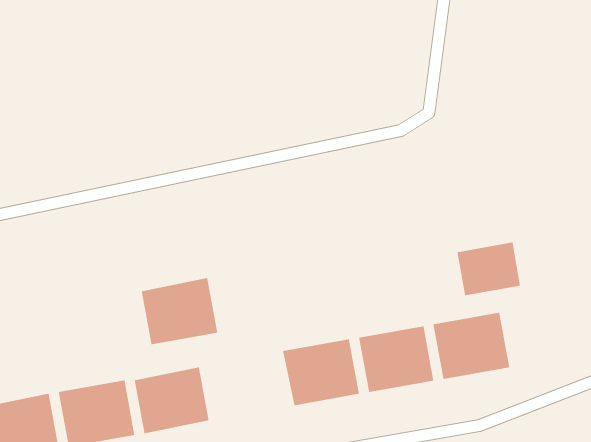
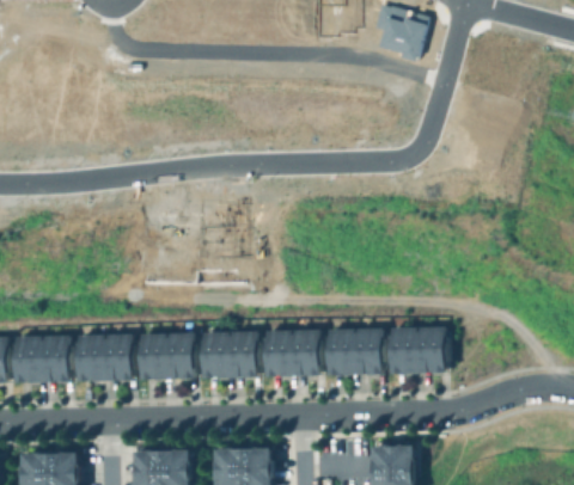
building: [457,242,521,296] -> none
building: [141,277,218,345] -> [200,330,257,377]

